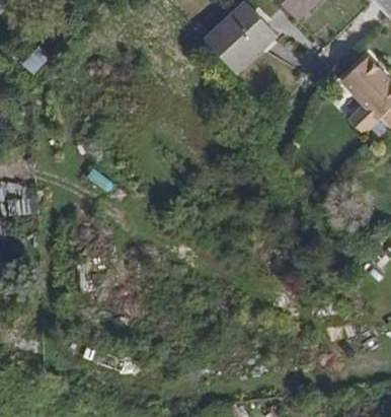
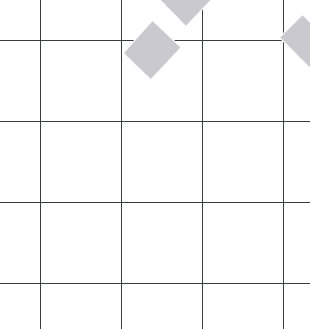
building: none -> [123,20,181,80]

